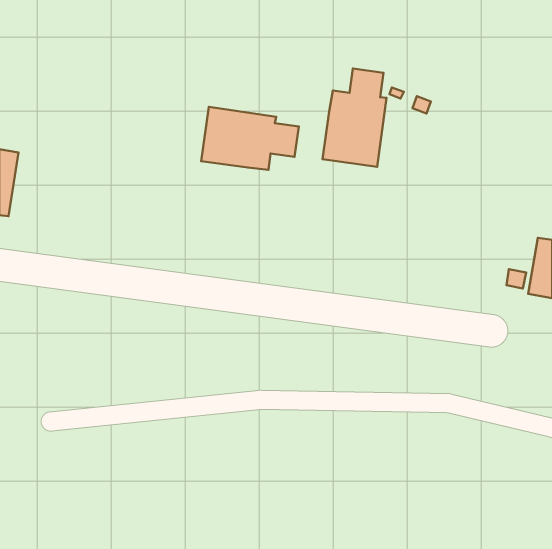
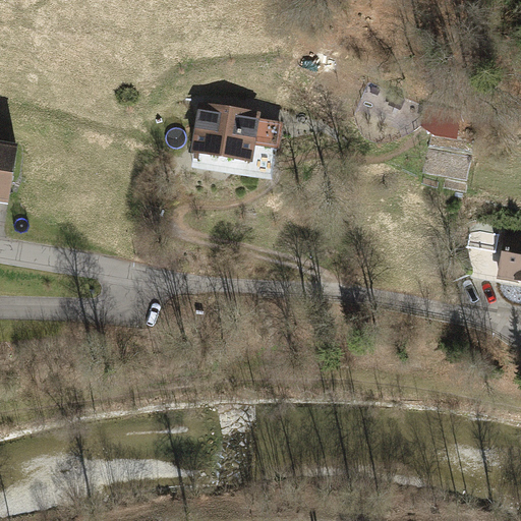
building: [323,69,387,167] -> none

